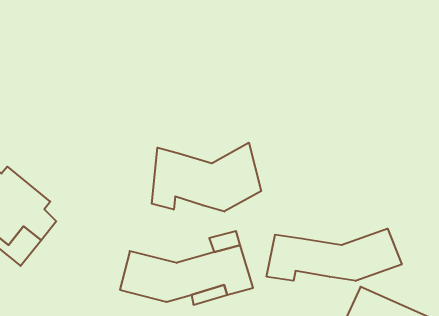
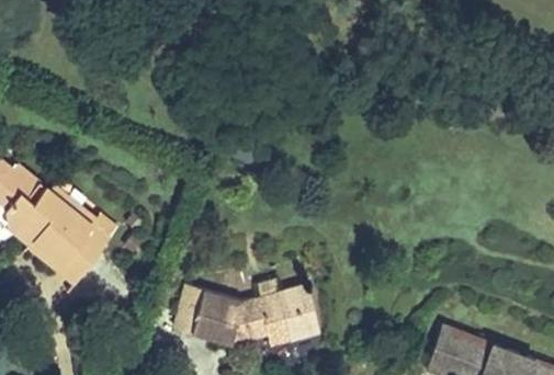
building: [152,143,261,212] -> none
building: [267,229,402,281] -> none

